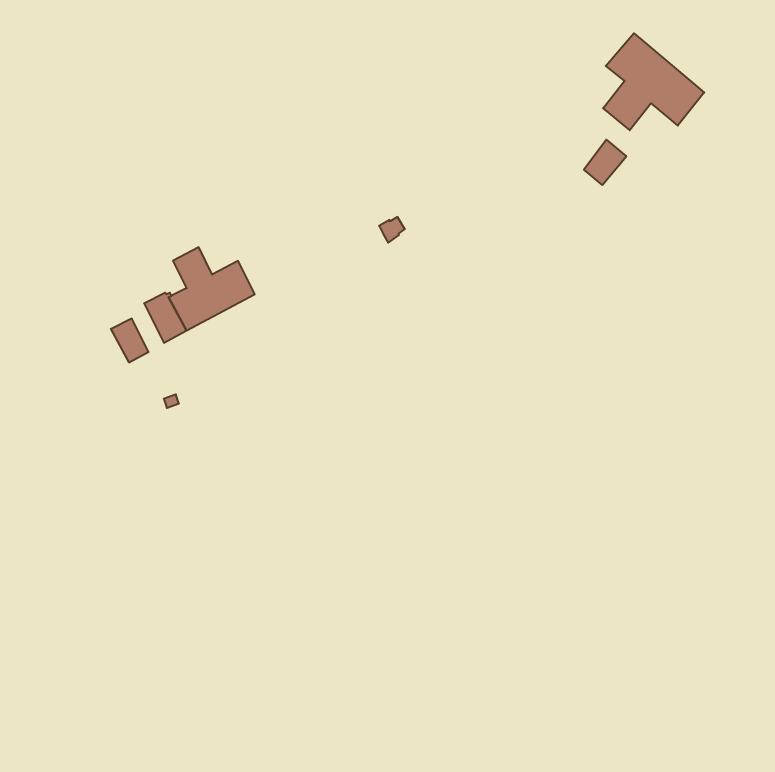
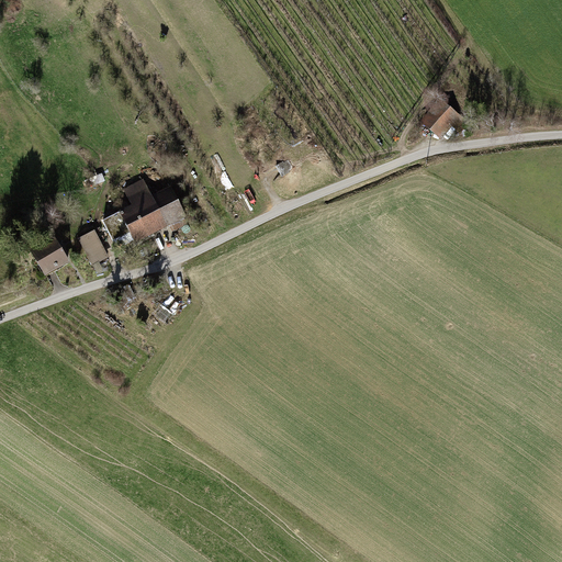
building: [603,33,704,130] -> none
building: none -> [32,237,68,273]

